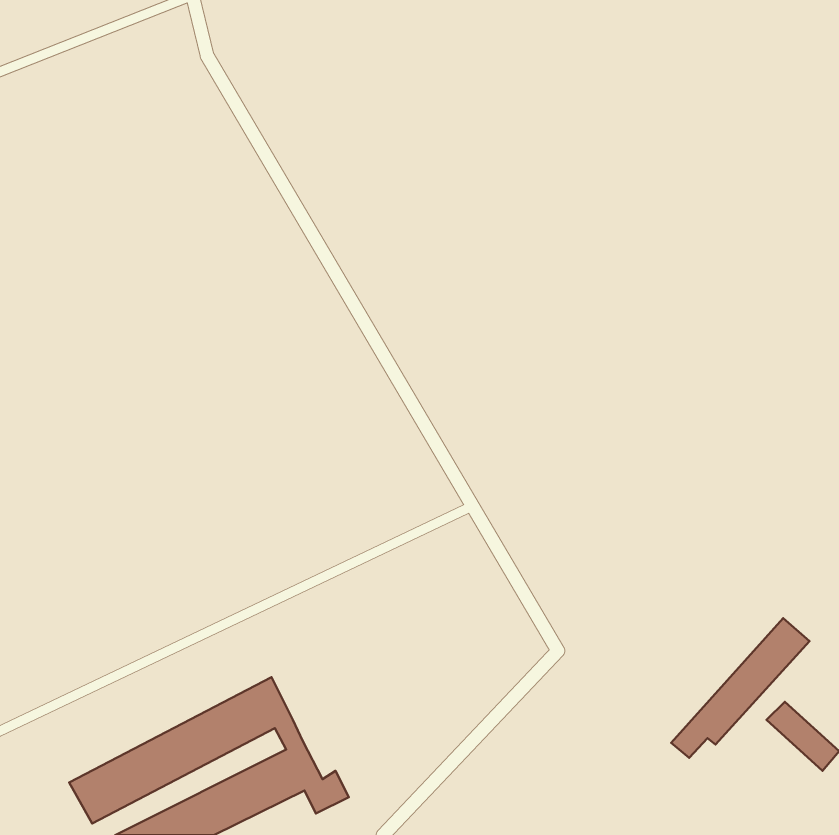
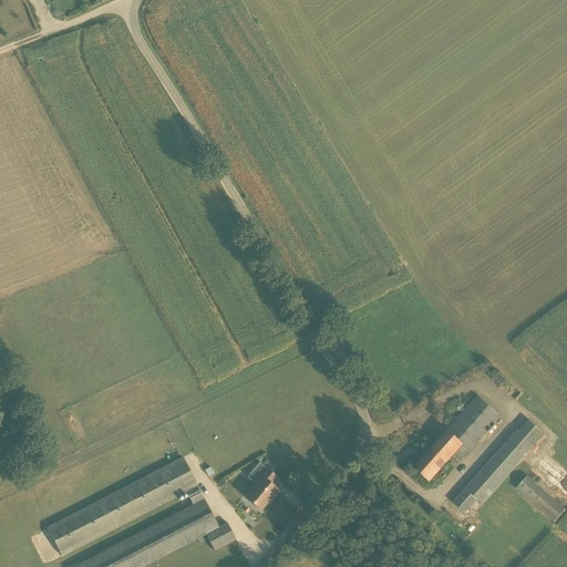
building: none -> [412,393,499,480]
building: none -> [245,461,278,508]

